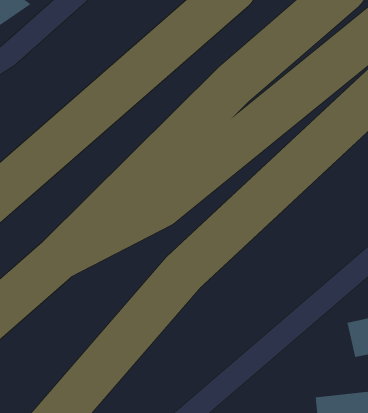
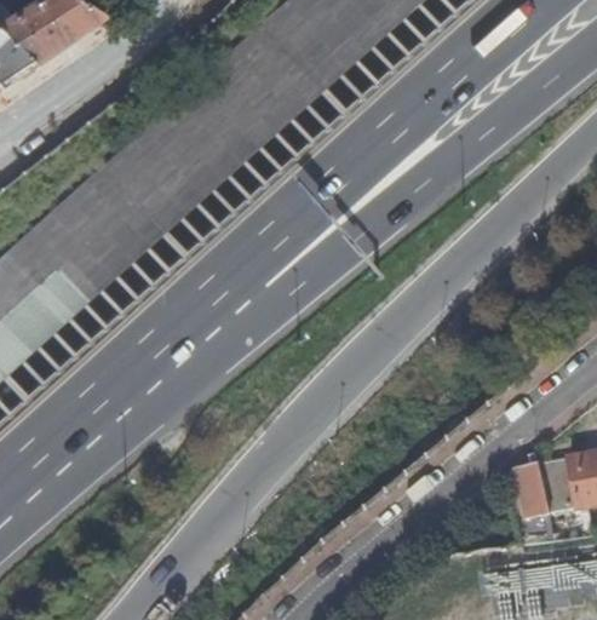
building: none -> [516,466,556,542]

